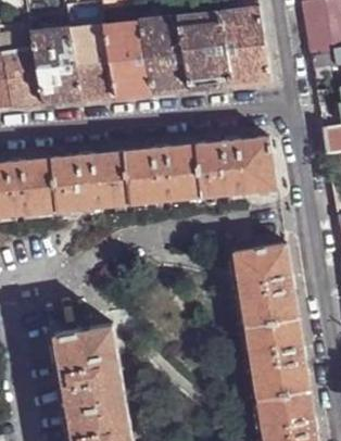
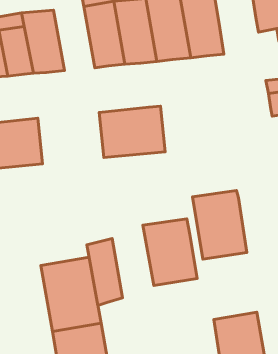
building: [67,25,116,101] -> none
building: [194,136,275,198] -> none
building: [49,151,127,212] -> none
building: none -> [87,239,123,305]
building: [244,317,308,396] -> [143,219,197,286]

